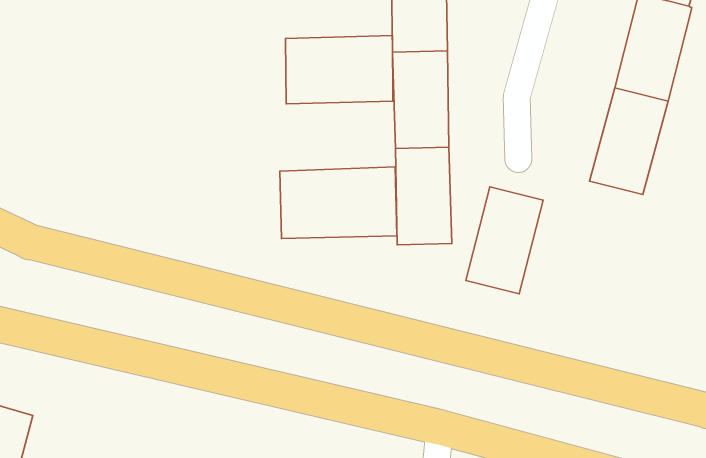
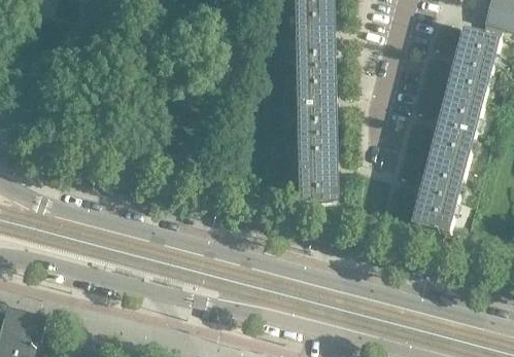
building: [285,36,393,104] -> none
building: [280,167,397,238] -> none
building: [466,187,543,294] -> [415,159,469,234]

